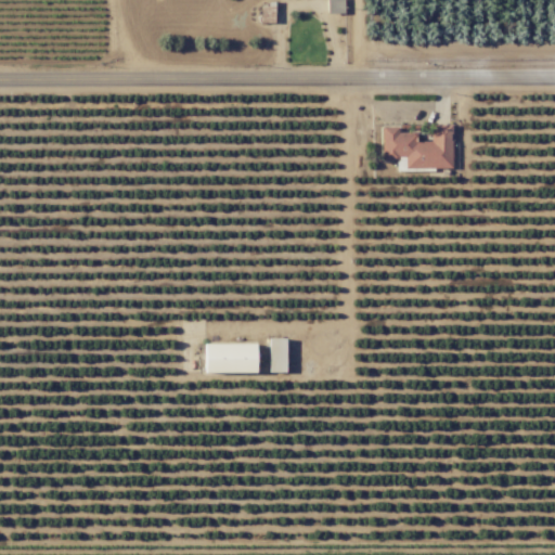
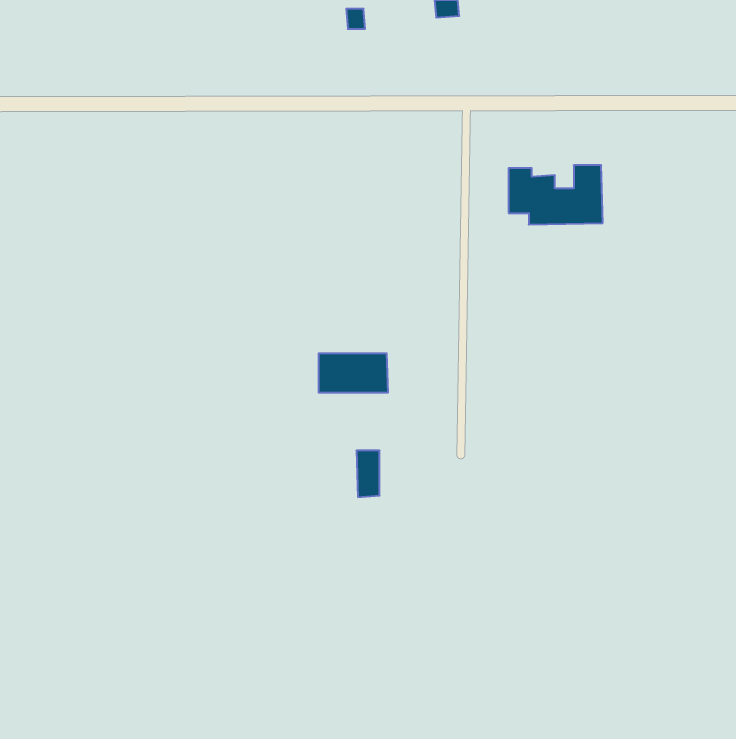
building: [206,344,258,373] -> [319,353,388,393]

